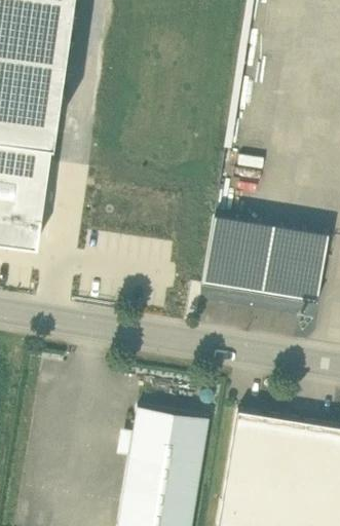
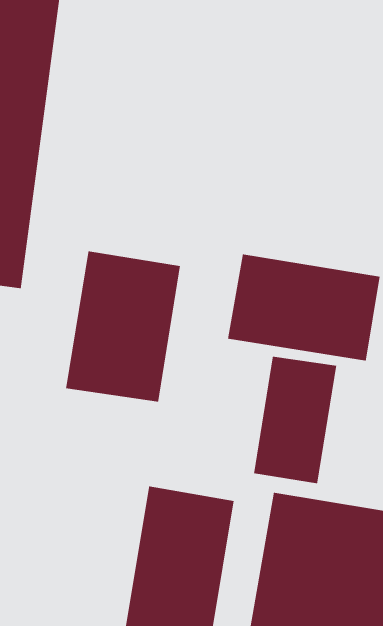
building: none -> [66,250,180,403]
building: none -> [254,356,337,484]

